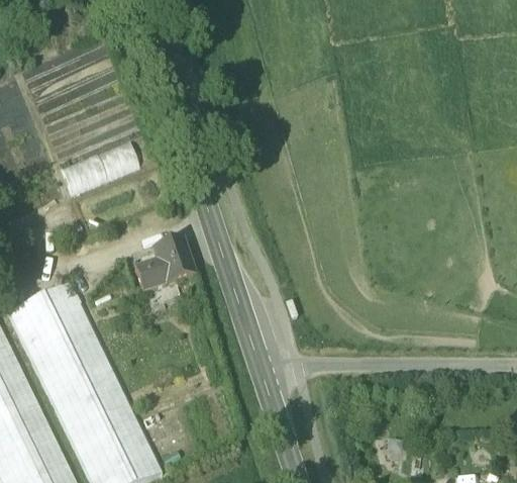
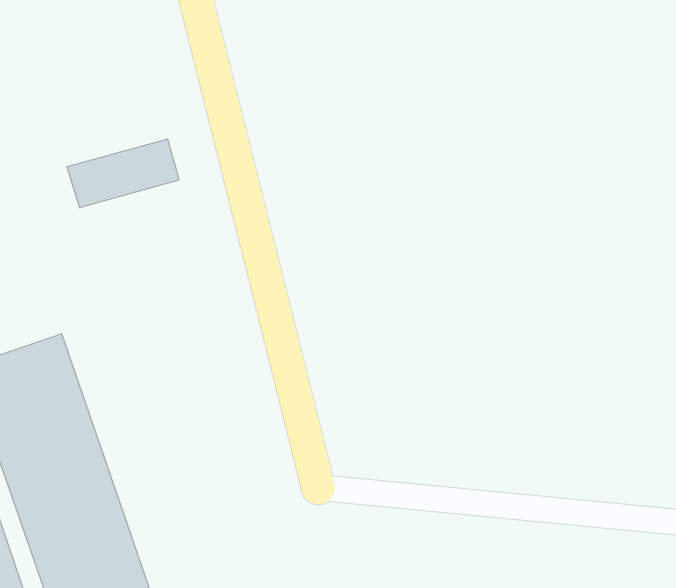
building: [130,240,191,295] -> none

